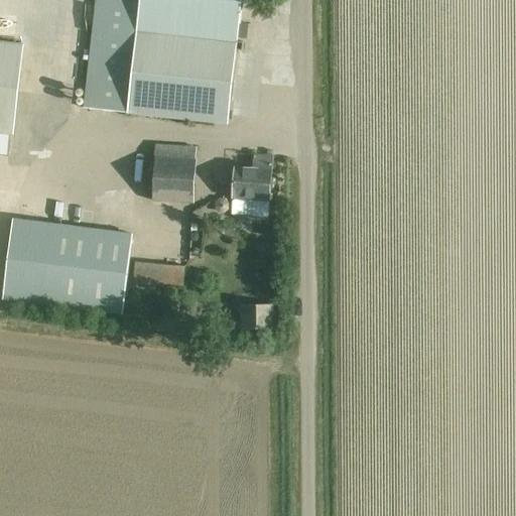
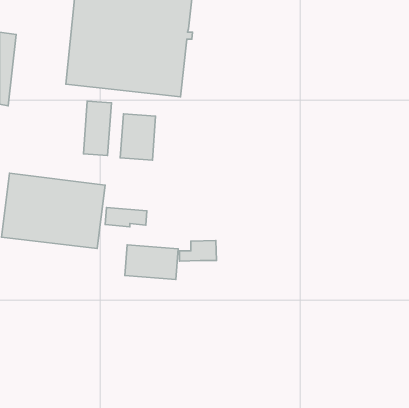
building: none -> [83,101,111,155]
building: [230,153,271,200] -> none
building: none -> [125,245,178,280]

